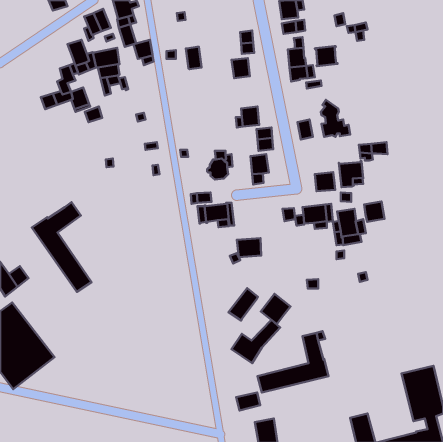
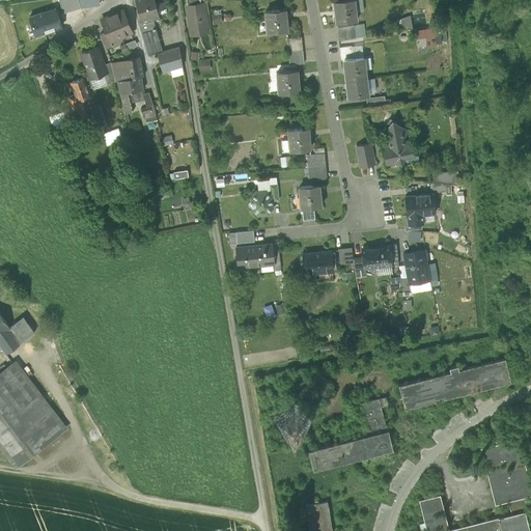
building: none -> [29,9,61,36]
building: none -> [266,10,287,34]
building: [315,46,338,66] -> none
building: [186,47,202,69] -> [188,6,206,33]
building: [315,172,335,191] -> none
building: [364,201,384,222] -> none
building: [32,202,92,292] -> none
building: [237,238,261,257] -> [303,252,332,275]
building: [229,288,258,320] -> none
building: [261,294,290,324] -> none
building: none -> [398,359,511,410]
building: [236,393,260,410] -> none

